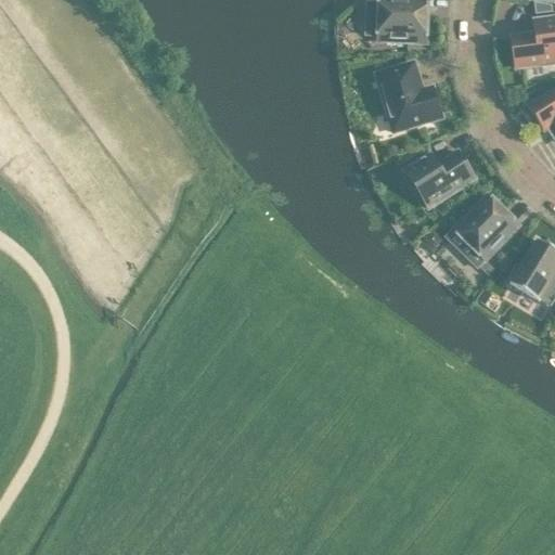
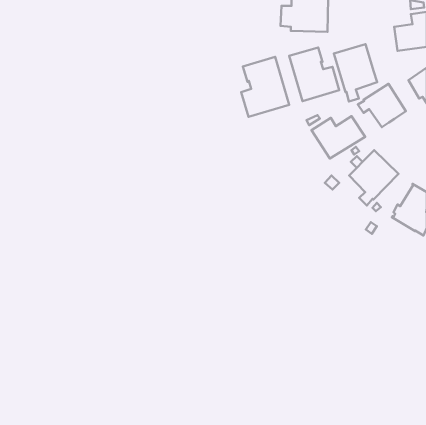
building: none -> [334,44,377,101]
building: none -> [241,57,289,117]
building: none -> [358,84,406,127]

